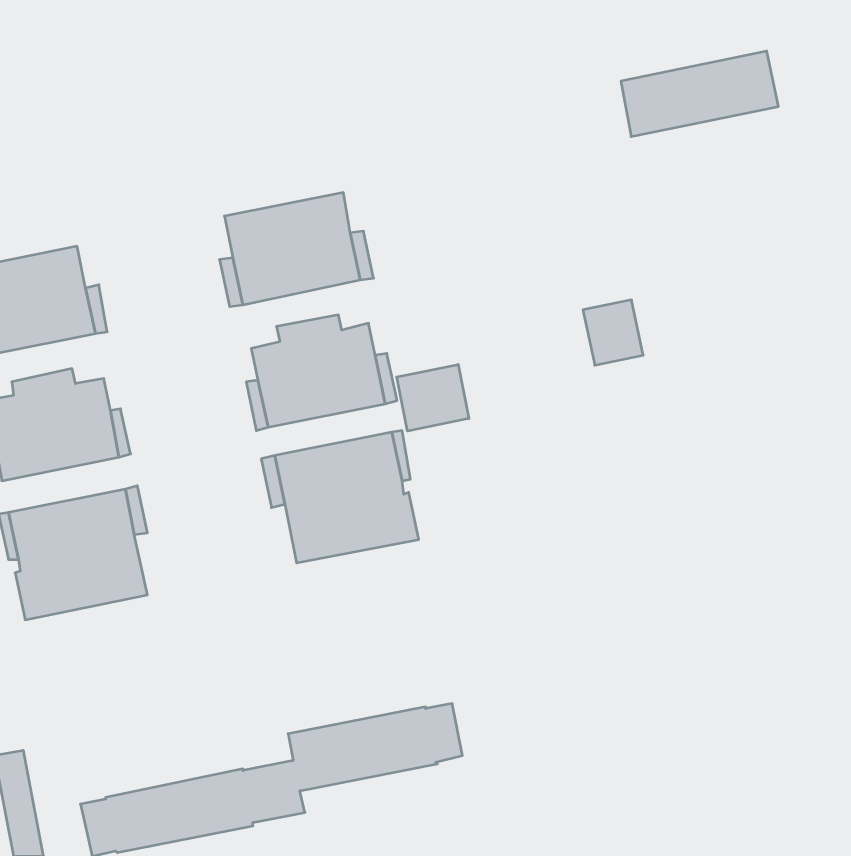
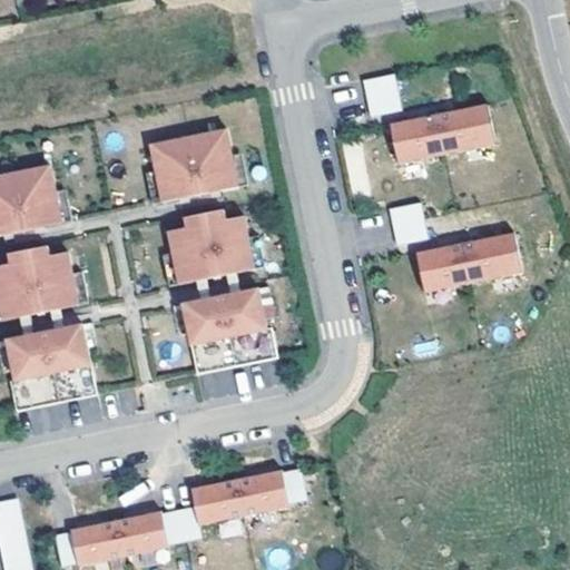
building: [621,51,778,137] -> [386,104,491,160]
building: none -> [362,71,402,115]
building: none -> [412,230,517,288]
building: [397,364,469,431] -> none

